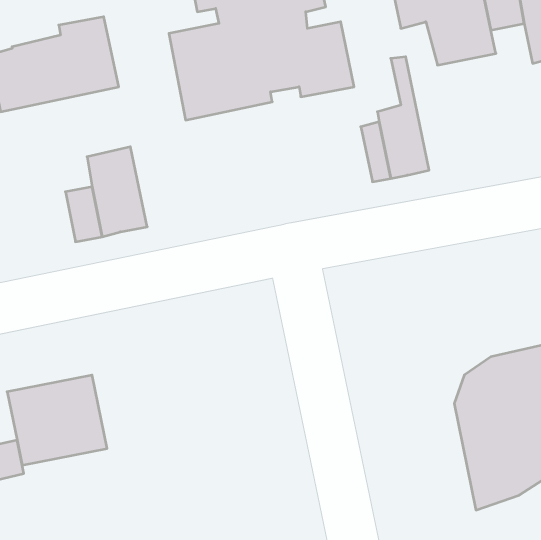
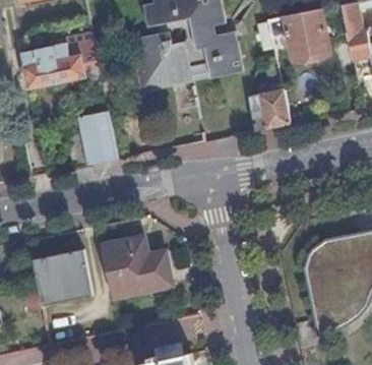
building: none -> [101,236,172,298]

